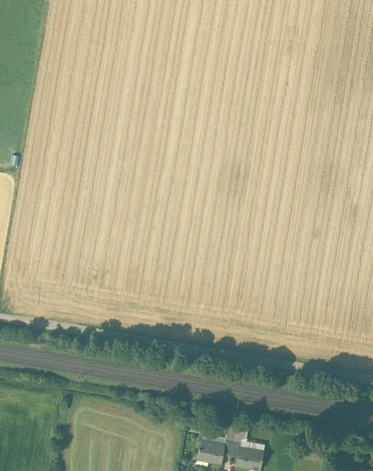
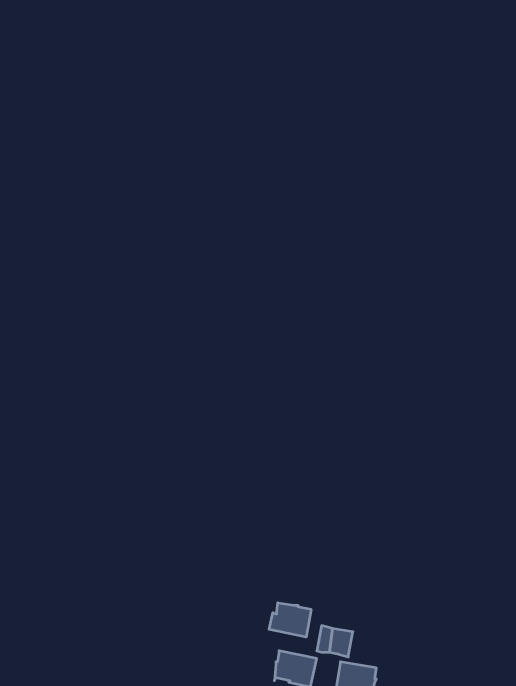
building: none -> [269,603,311,637]

